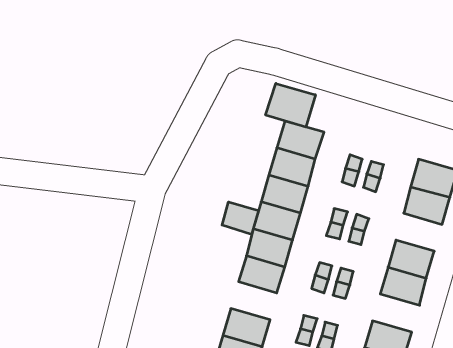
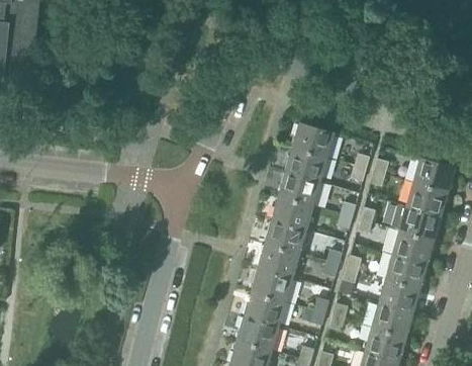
building: [266,83,315,127] -> none
building: [222,202,259,234] -> none
building: none -> [390,204,440,241]
building: none -> [250,268,291,302]
building: none -> [377,279,419,313]

